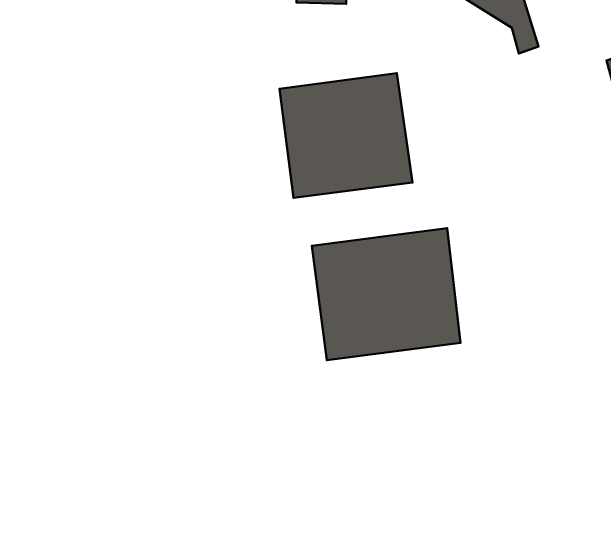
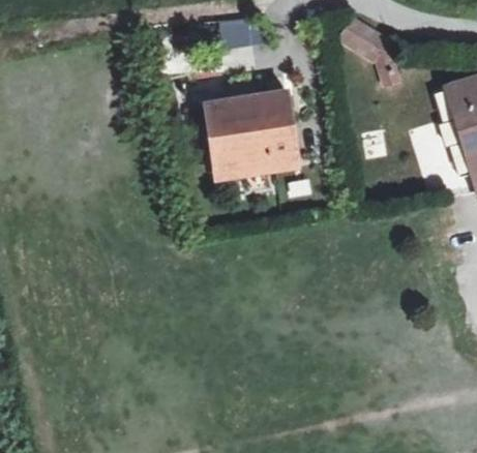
building: [312,228,461,360] -> none

